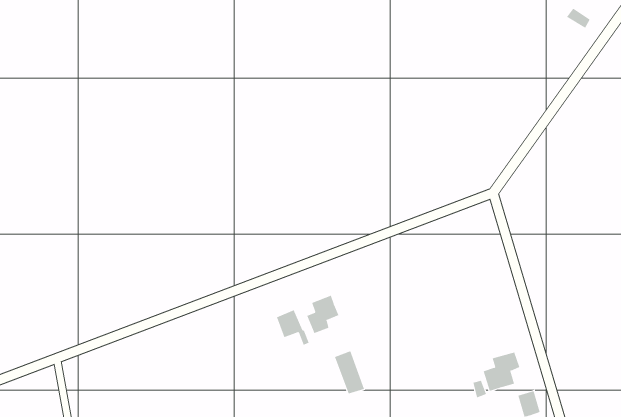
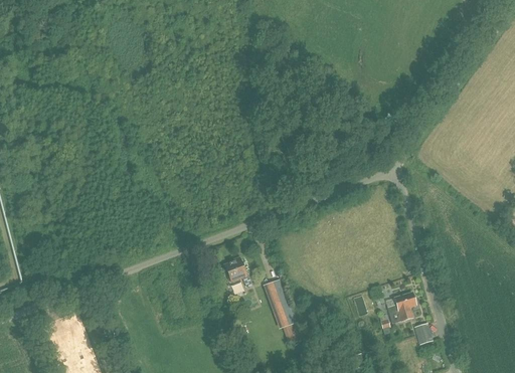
building: [306,295,339,334] -> none

